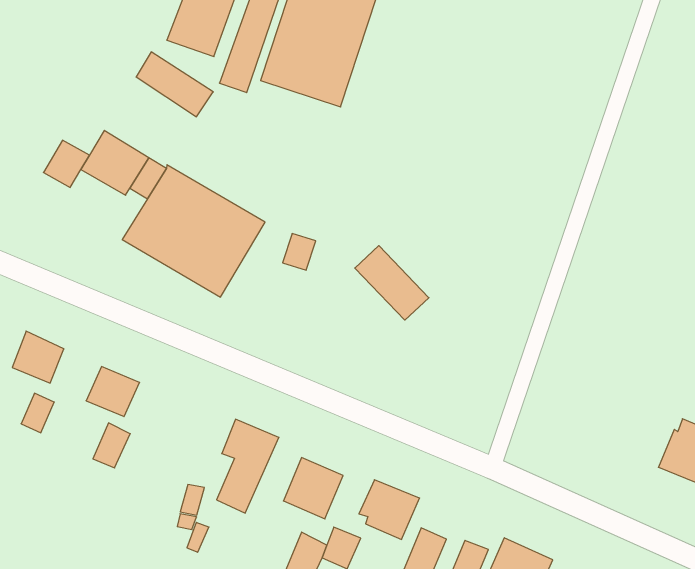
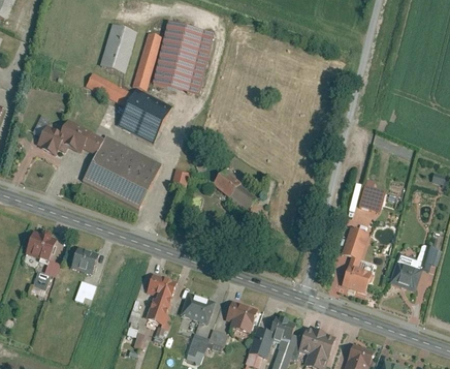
building: none -> [116,91,170,145]
building: none -> [356,186,383,212]
building: none -> [341,226,373,294]

